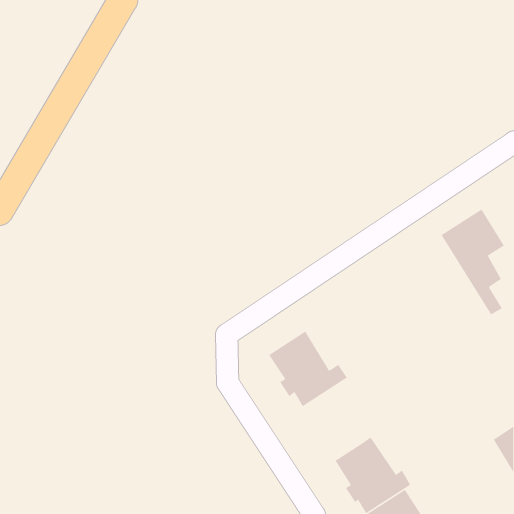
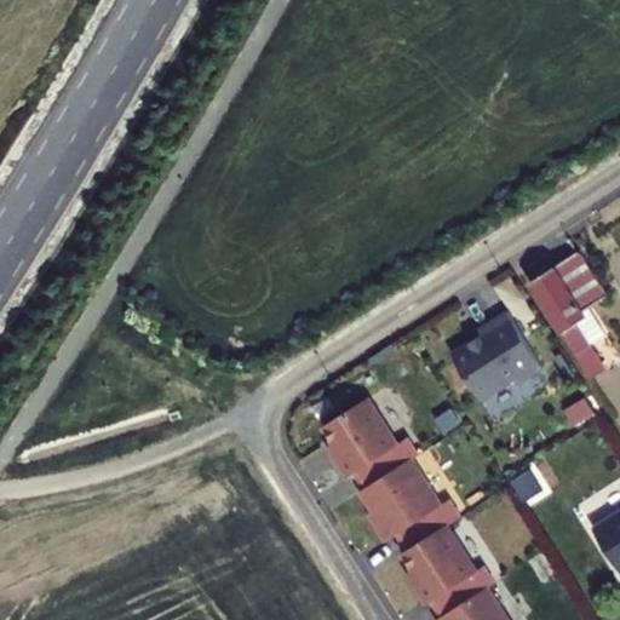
building: none -> [450,314,541,402]
building: none -> [360,460,460,552]

